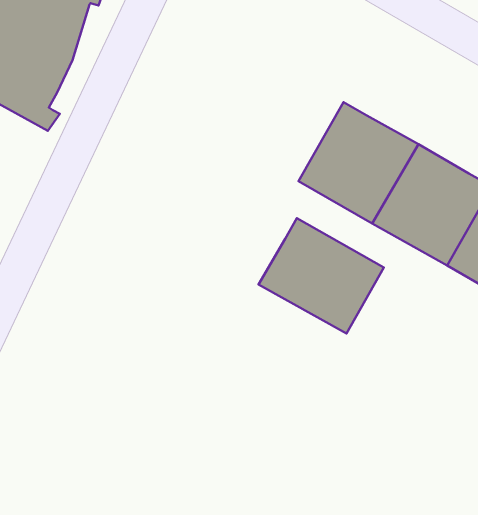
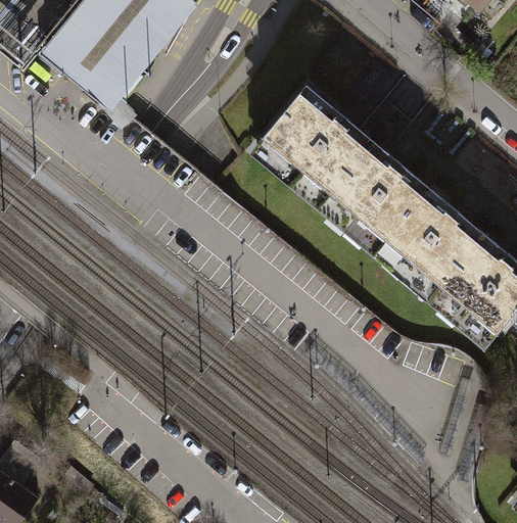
building: none -> [255,86,372,200]
building: [259,218,384,334] -> none

